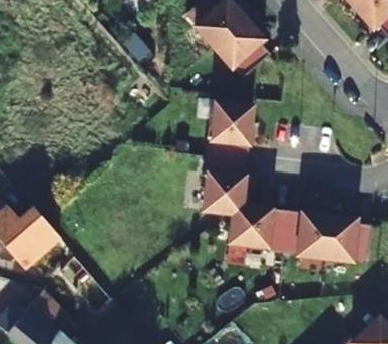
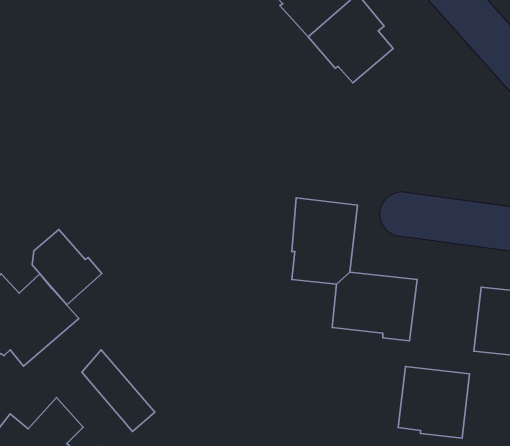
building: [206,102,254,160] -> none
building: none -> [32,230,102,305]
building: [282,211,330,259] -> [398,367,470,438]

